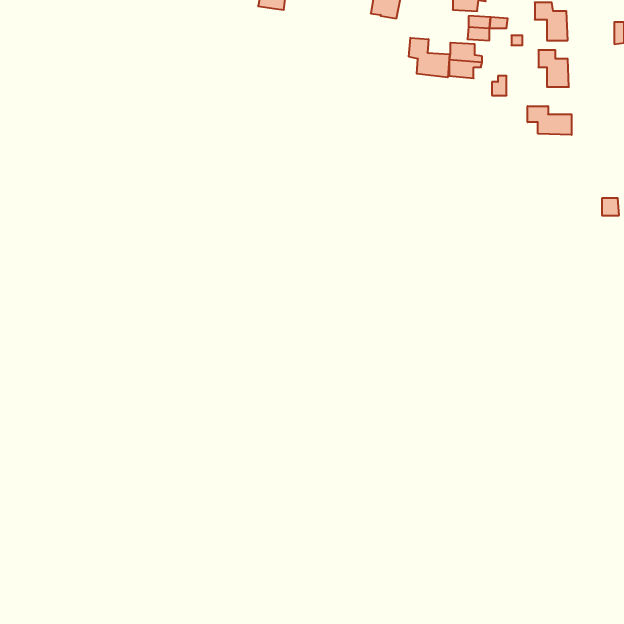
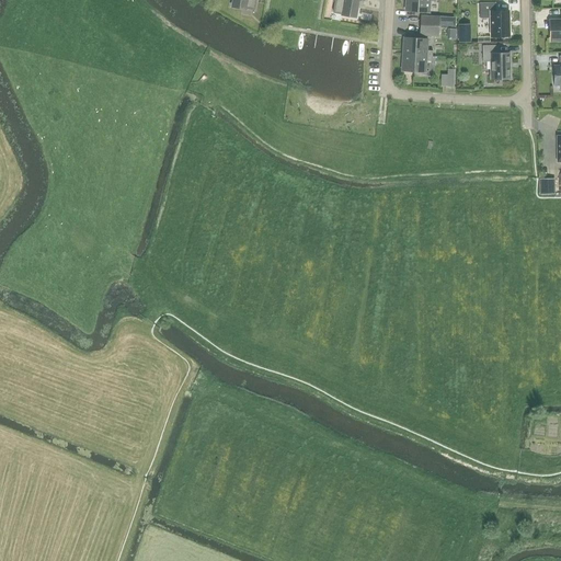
building: [409,38,449,77] -> none
building: [528,106,572,135] -> none

